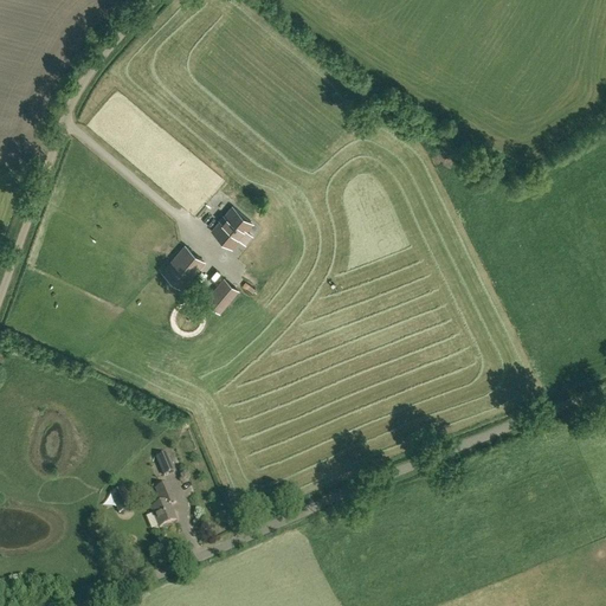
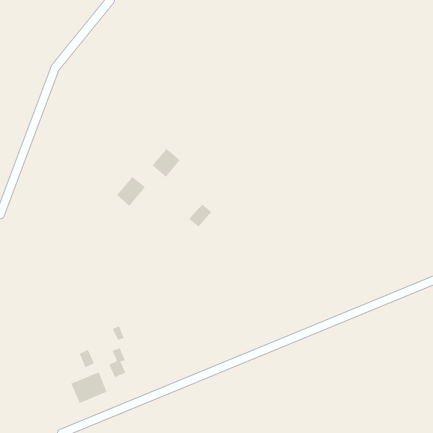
building: [205,279,238,312] -> [189,204,212,227]
building: none -> [71,372,107,404]

